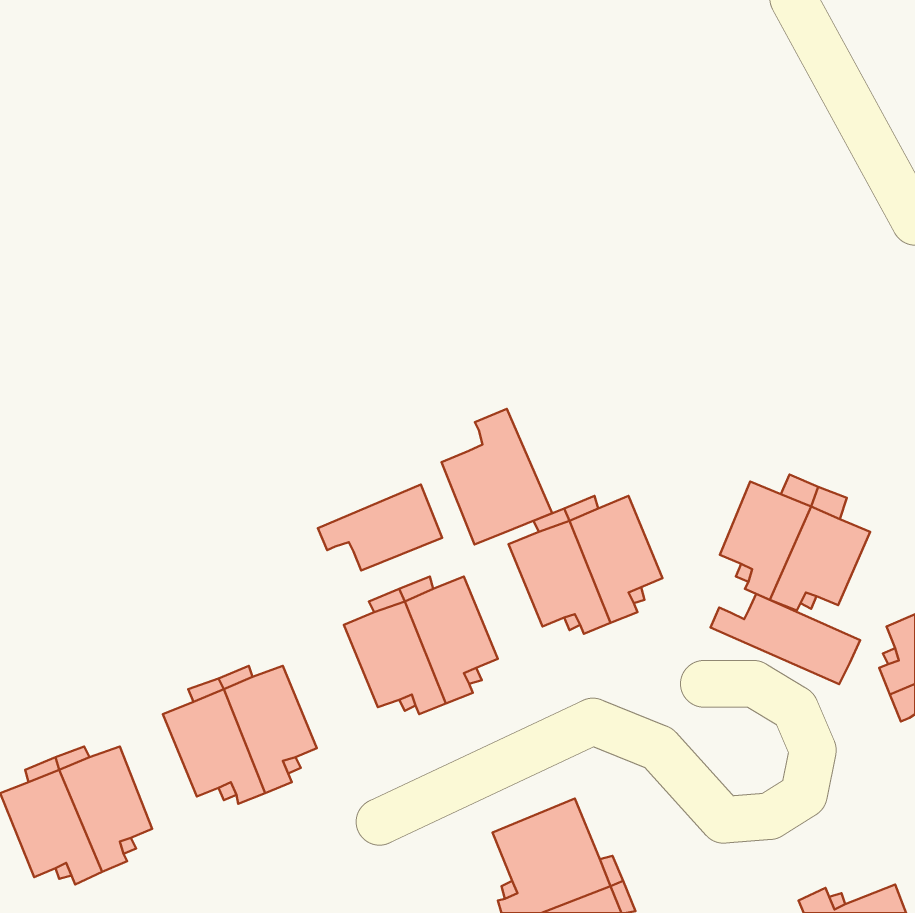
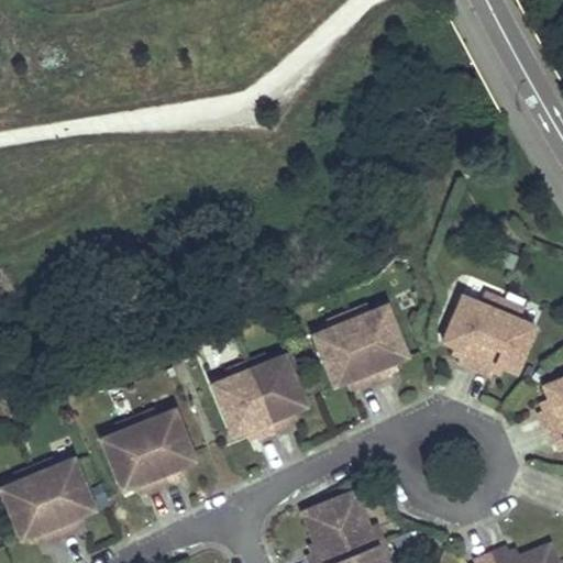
building: [441,409,552,544] -> none
building: [318,484,442,571] -> none
building: [711,594,860,684] -> none

